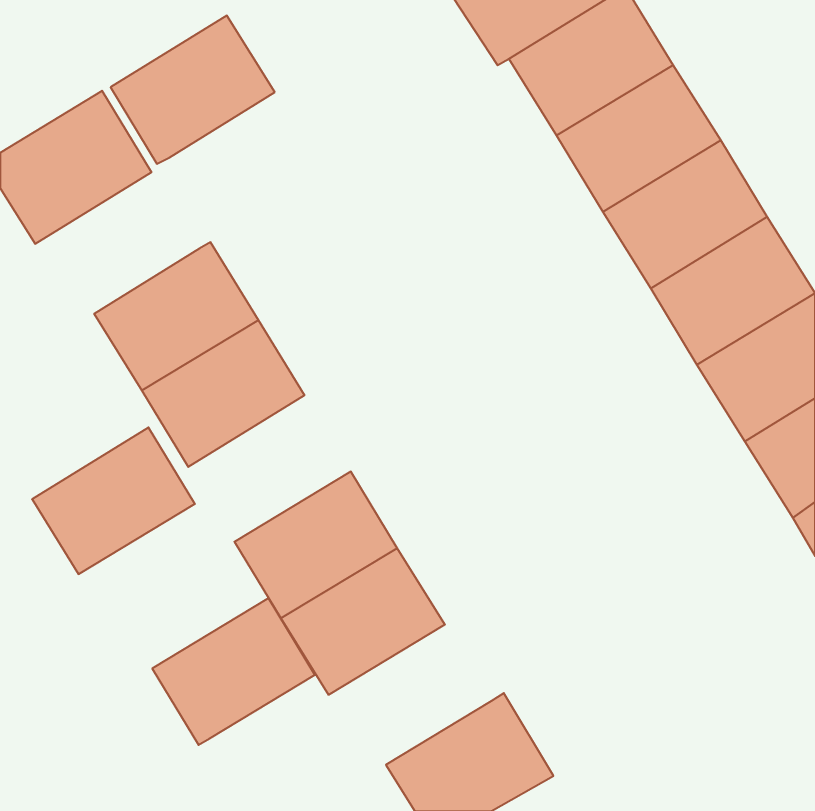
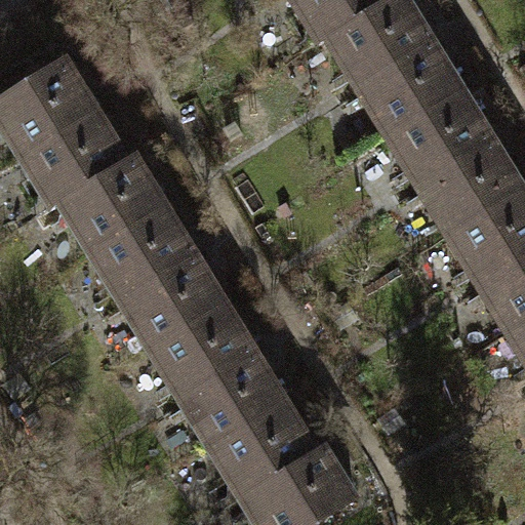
building: [111,16,275,164] -> [23,111,128,206]
building: [32,427,195,574] -> [121,254,226,349]
building: [152,598,315,745] -> [211,402,316,496]

